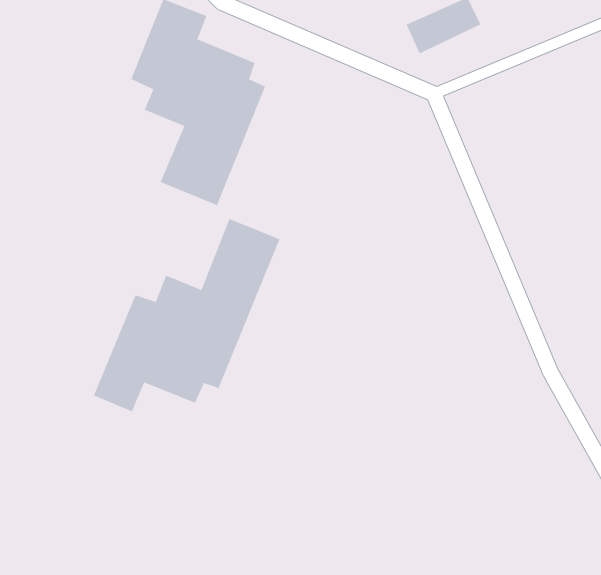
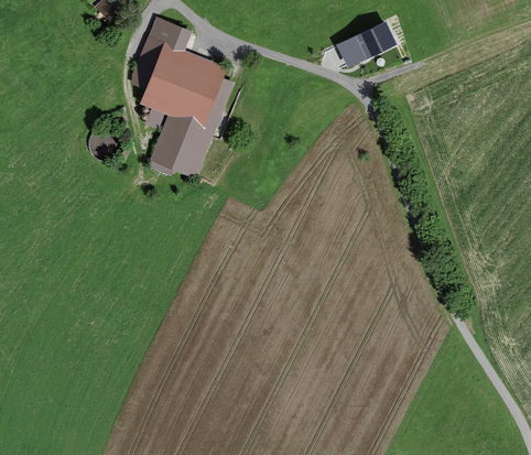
building: [93,218,280,412] -> none

